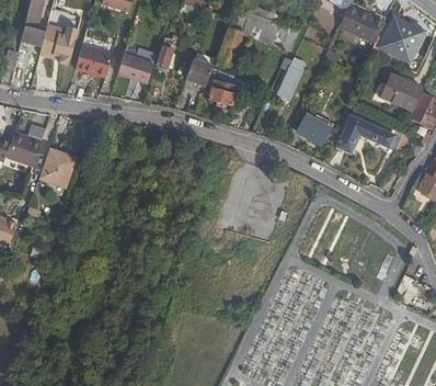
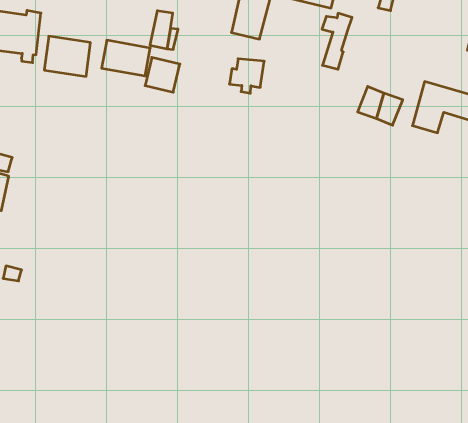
building: [185,60,213,88] -> [145,57,180,92]
building: [39,148,77,185] -> none

